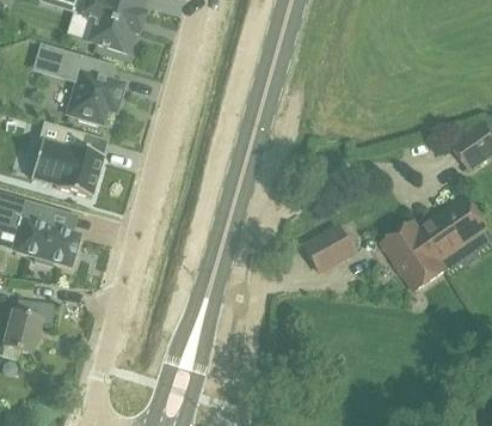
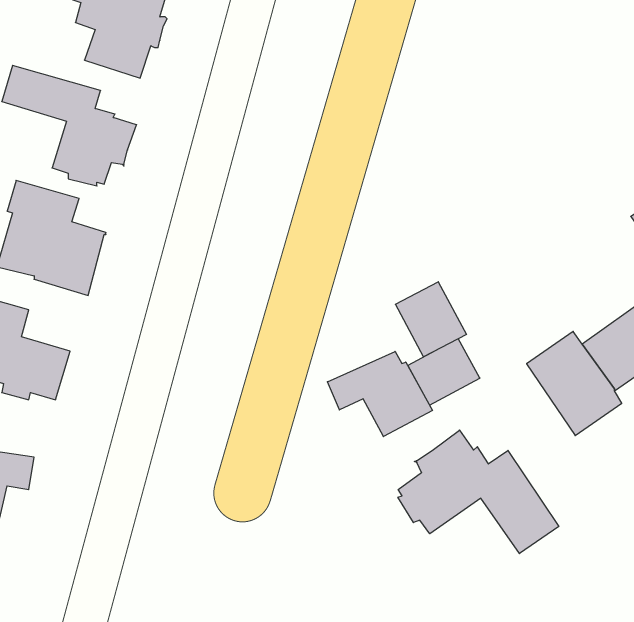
building: none -> [395,282,466,357]
building: none -> [327,351,432,437]
building: none -> [398,430,559,554]

